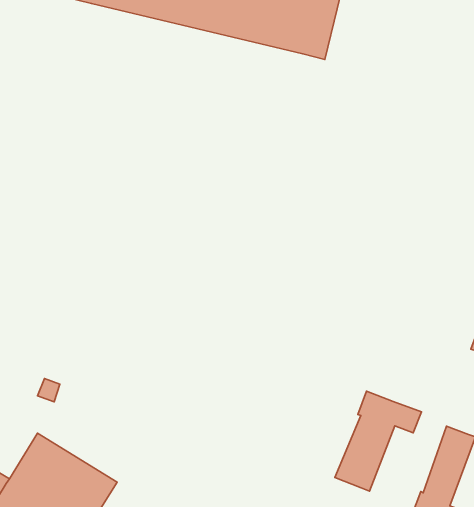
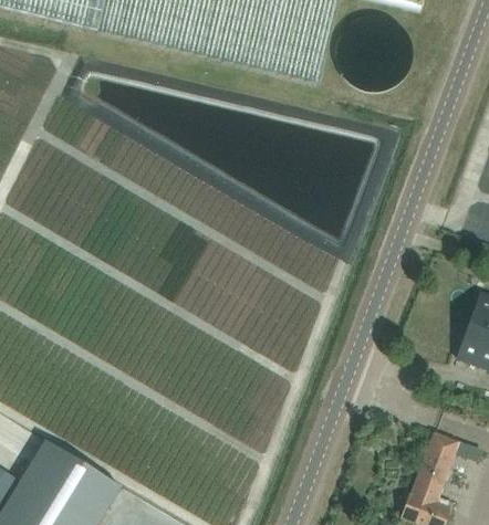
building: [335,391,422,491] -> none

